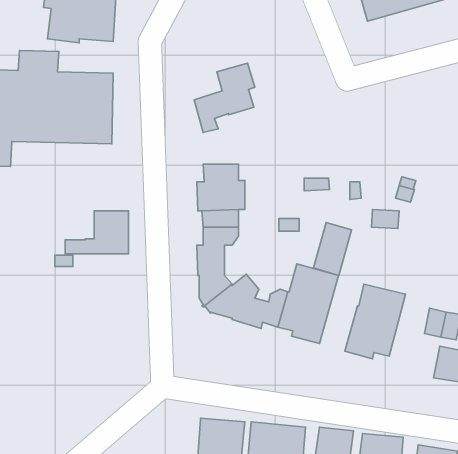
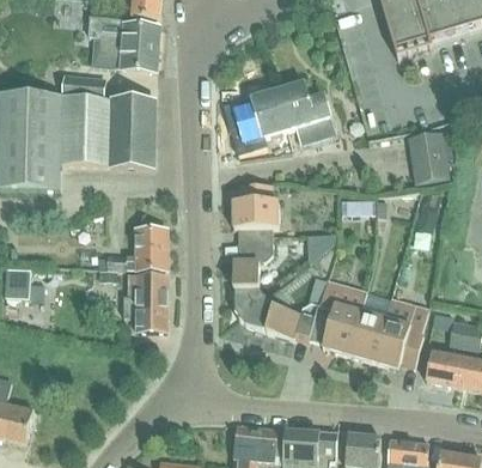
building: none -> [281,81,330,142]
building: none -> [409,130,450,183]
building: [313,222,351,275] -> [349,310,385,360]
building: none -> [124,275,169,330]
building: none -> [426,350,463,385]

